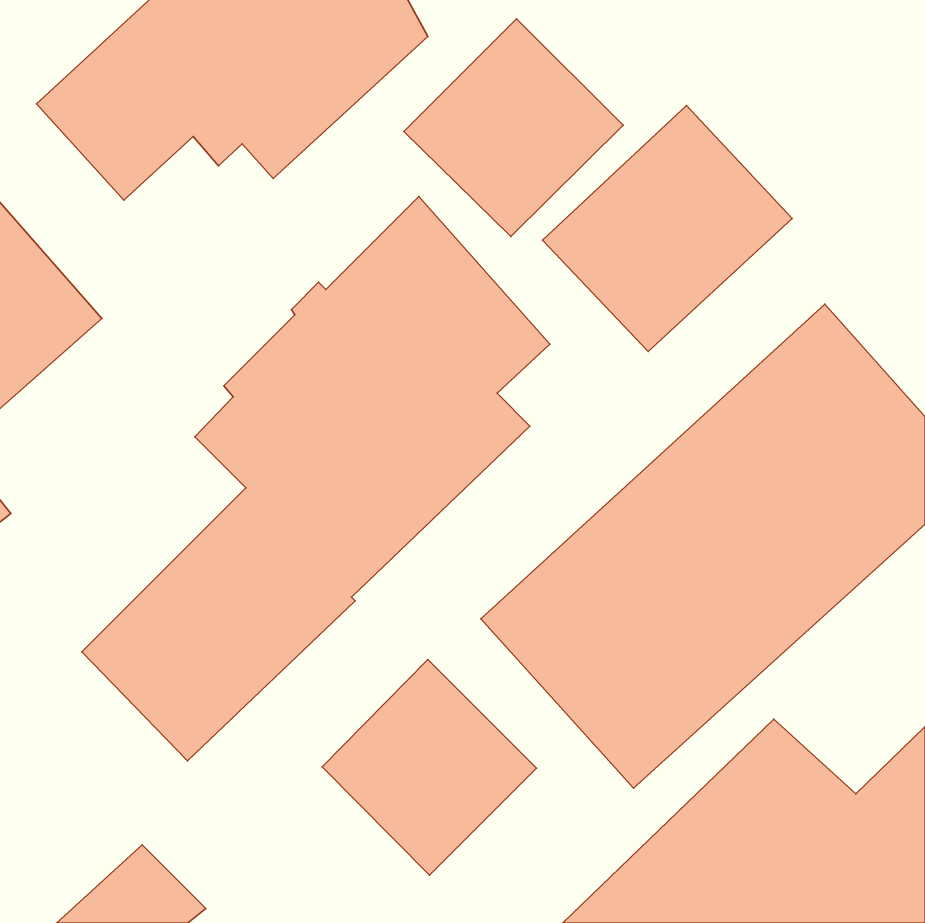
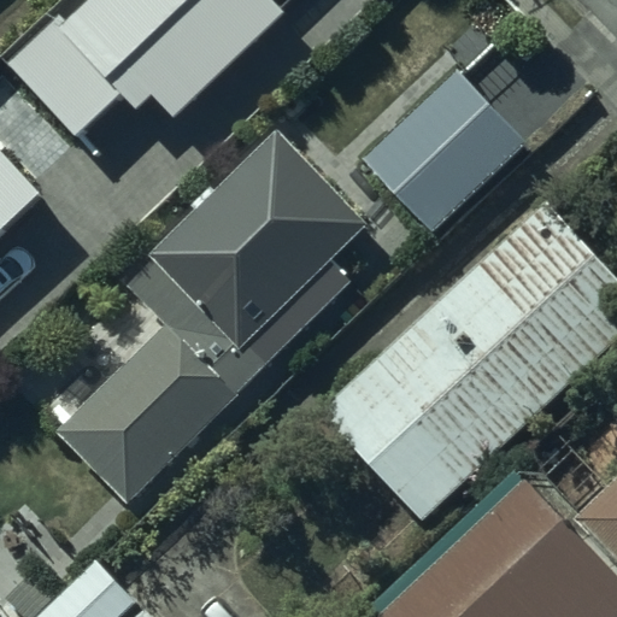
building: [404,19,623,236] -> none
building: [322,659,537,875] -> none

